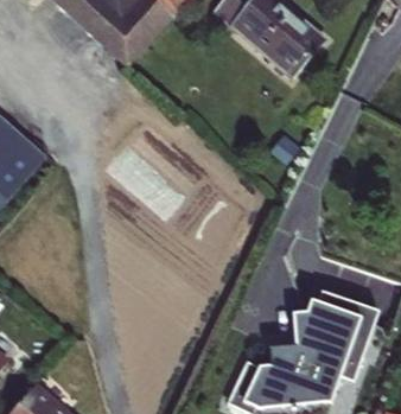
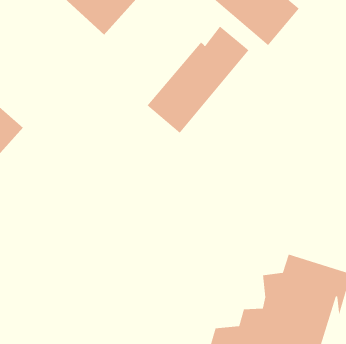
building: none -> [146,26,250,134]

